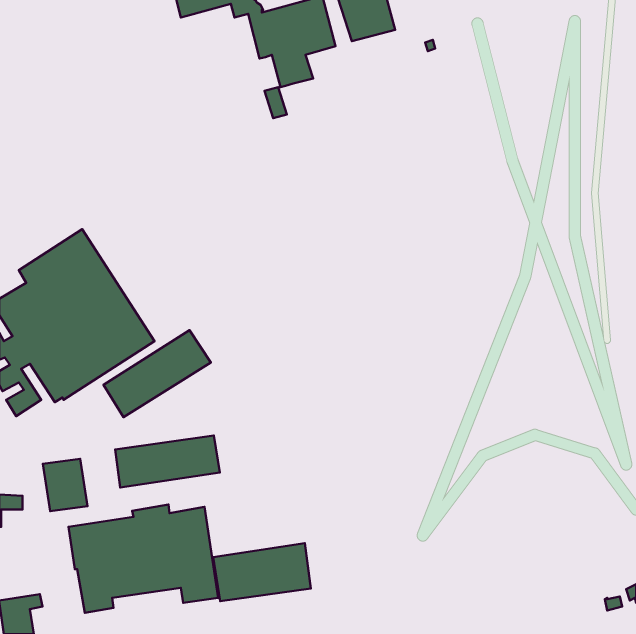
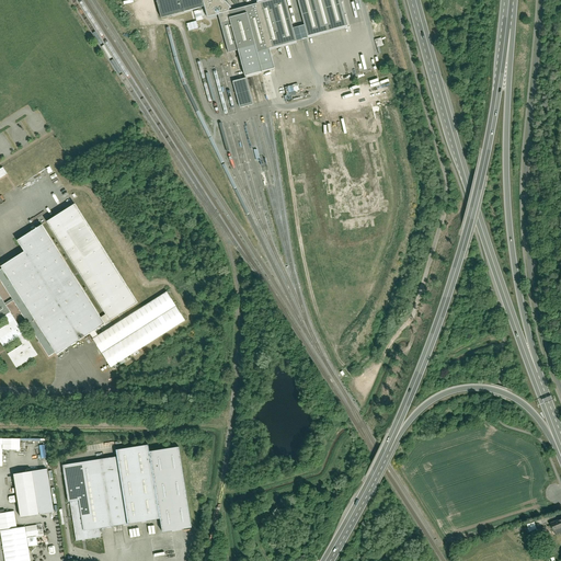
building: [115,435,220,488] -> none
building: [43,459,88,511] -> [14,470,54,516]
building: [213,543,311,601] -> none

